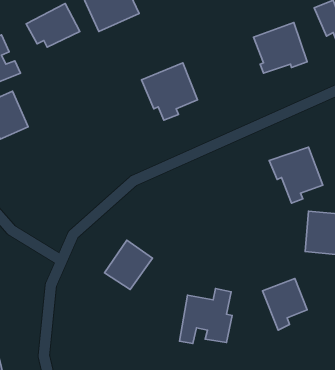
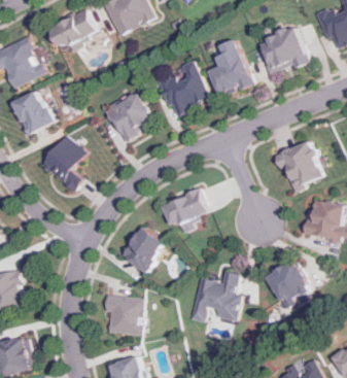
building: none -> [209,39,253,96]
building: none -> [107,93,154,139]
building: none -> [41,135,86,191]
building: none -> [163,190,210,234]
building: none -> [105,296,144,334]

